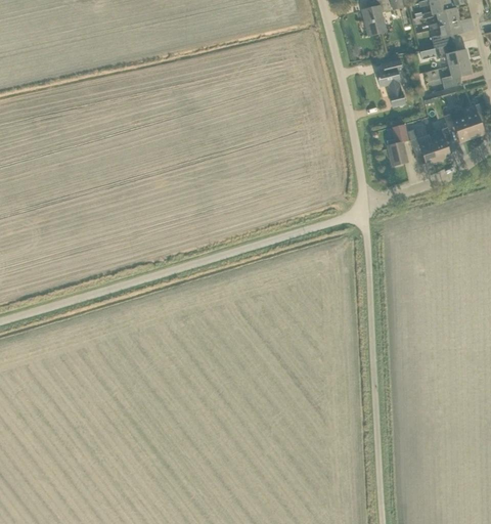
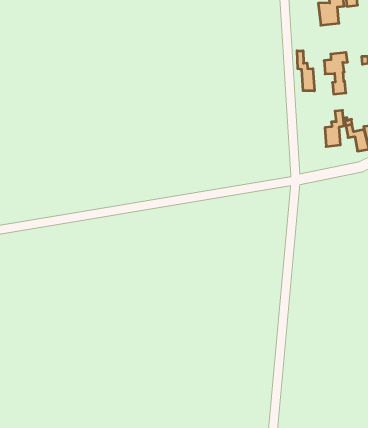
building: none -> [297,51,314,91]

